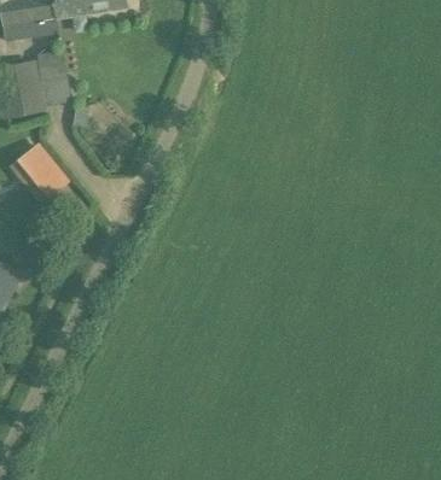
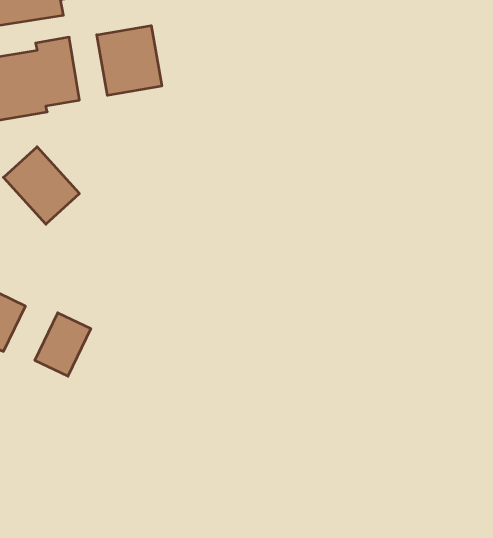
building: none -> [97,26,162,95]
building: none -> [35,313,91,376]

